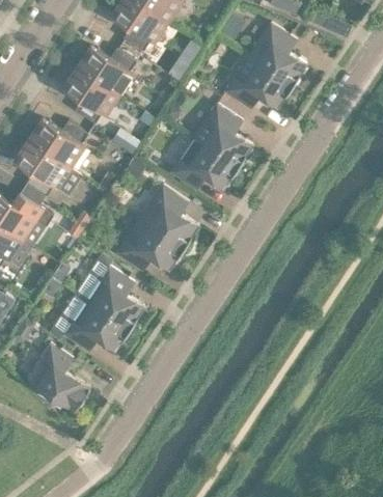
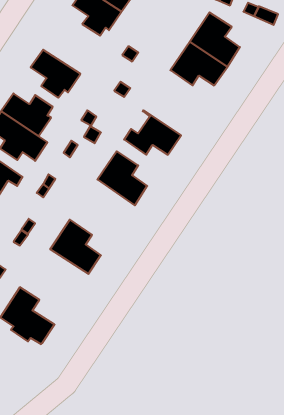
building: [76,45,136,94] -> none
building: [193,104,251,166] -> none
building: [116,218,183,270] -> none
building: [61,299,129,351] -> none

